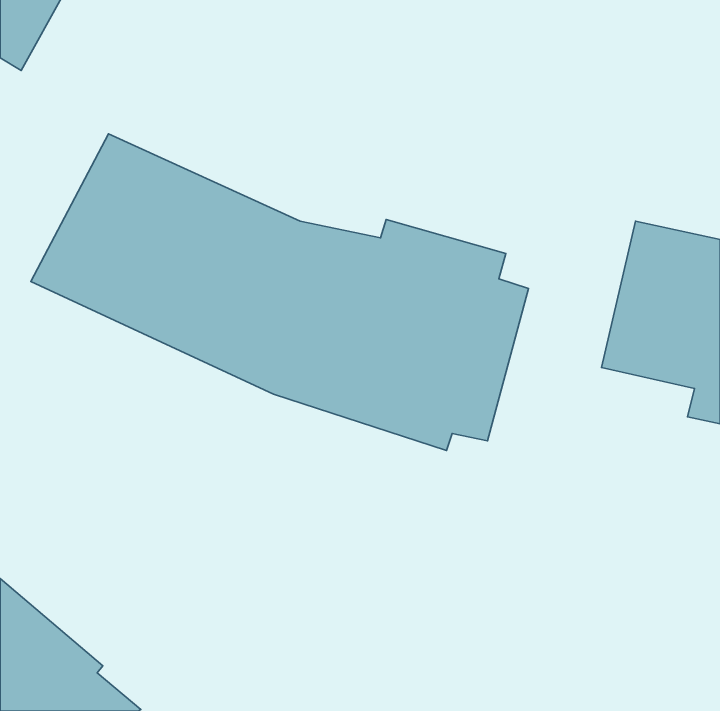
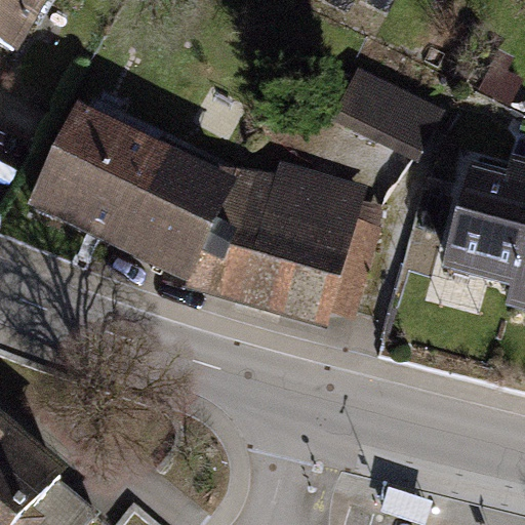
building: none -> [334,72,449,165]

